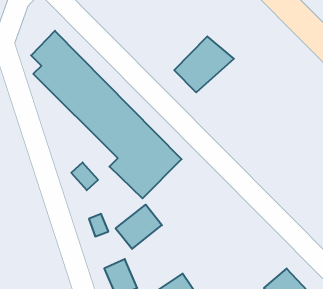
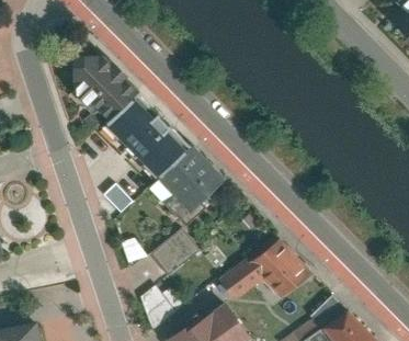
building: [174,36,234,92] -> none
building: none -> [217,232,311,302]

